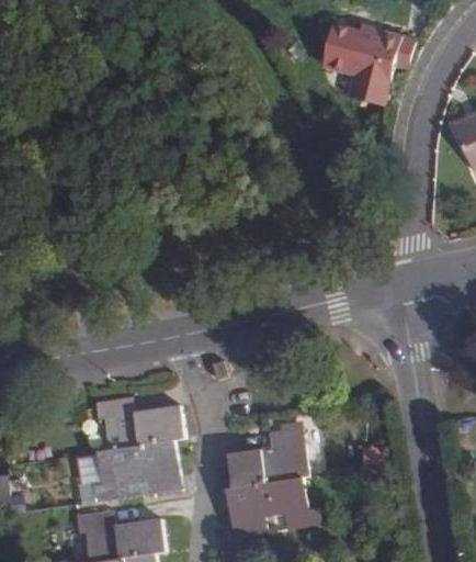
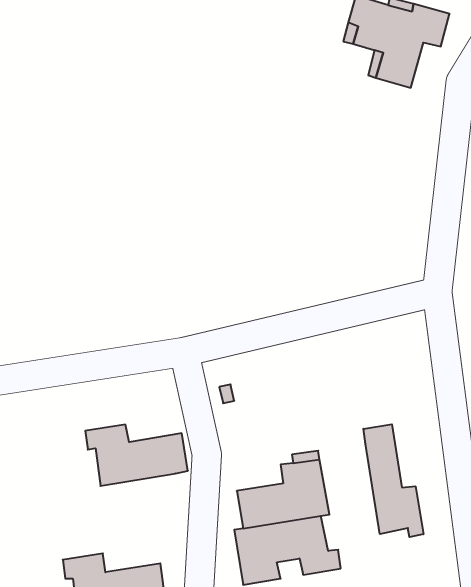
building: none -> [363,424,423,537]
building: [92,440,182,502] -> none

